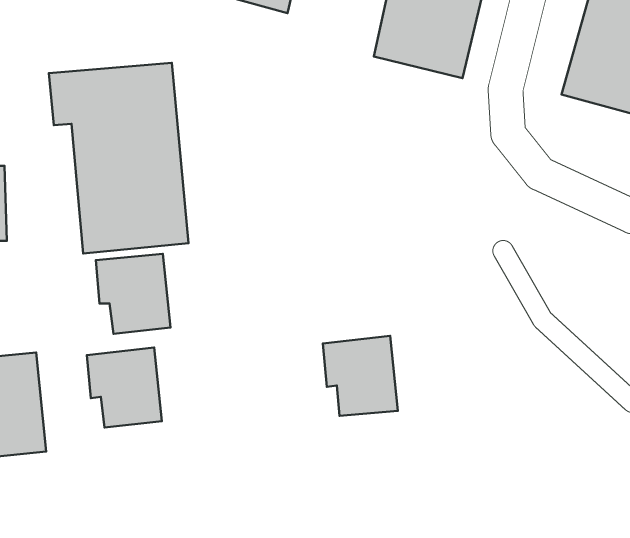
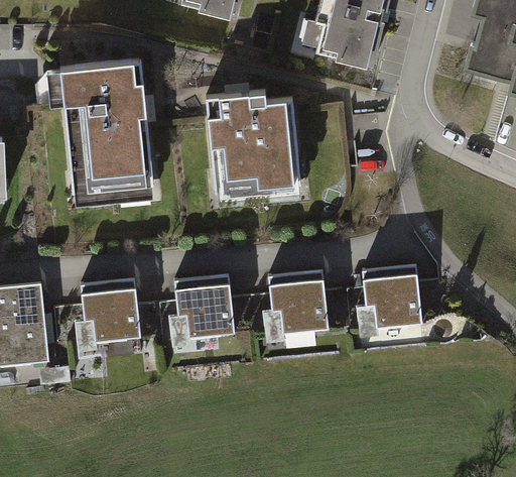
building: none -> [205,90,294,195]
building: [96,254,171,334] -> [173,276,233,340]
building: none -> [362,266,421,330]

